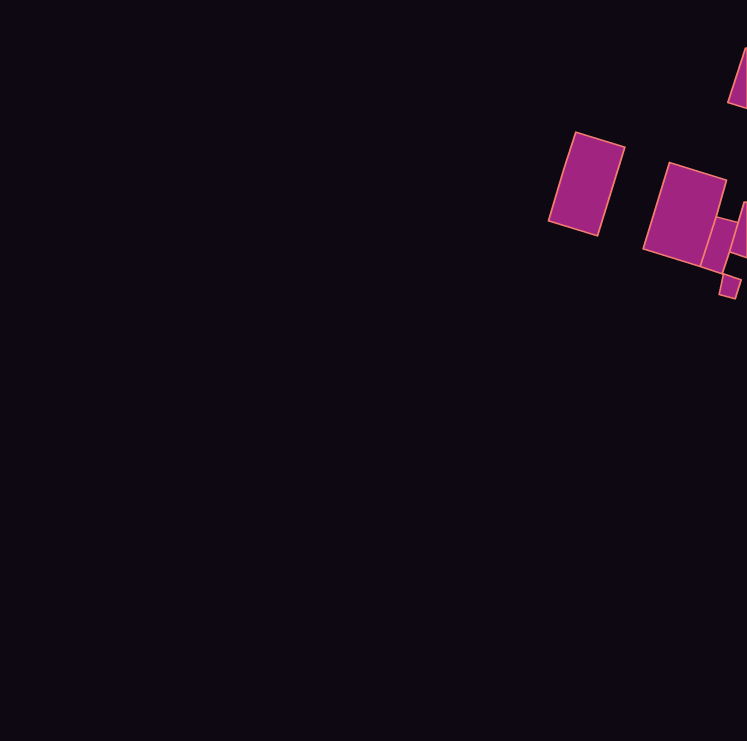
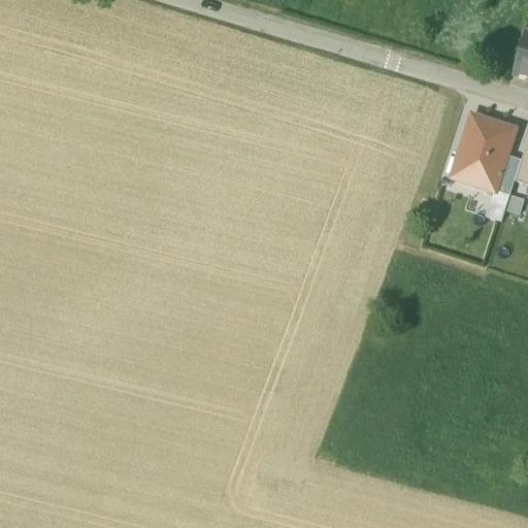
building: [549,132,625,236] -> none

